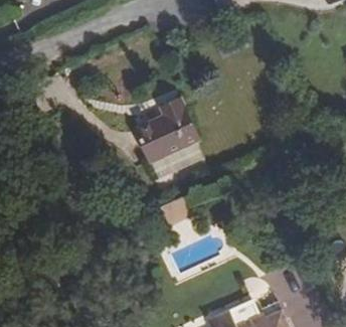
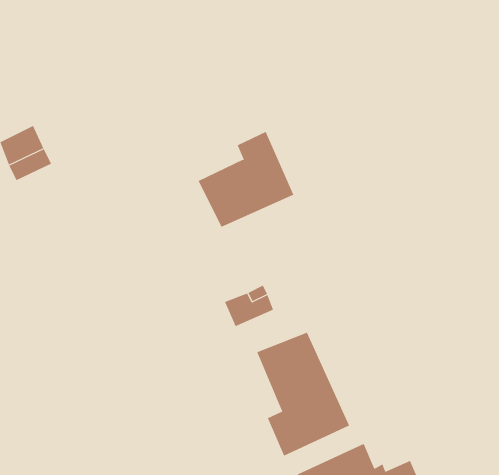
building: none -> [256,332,350,456]

